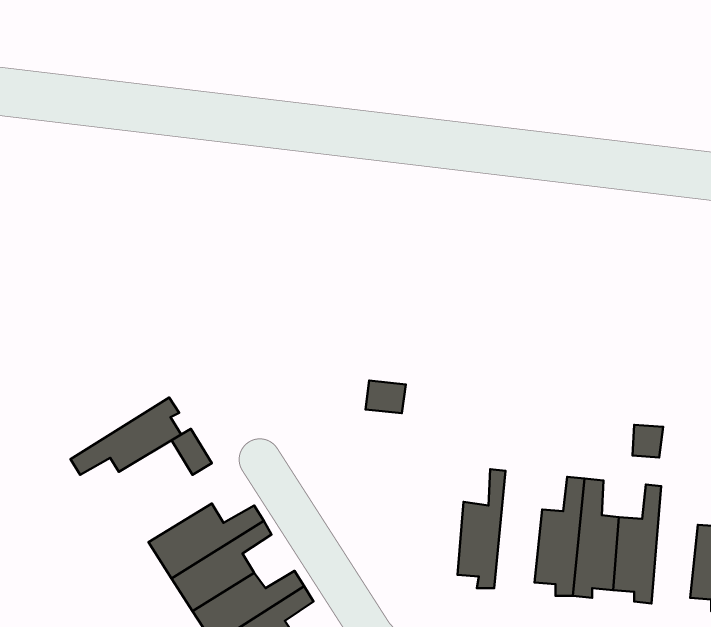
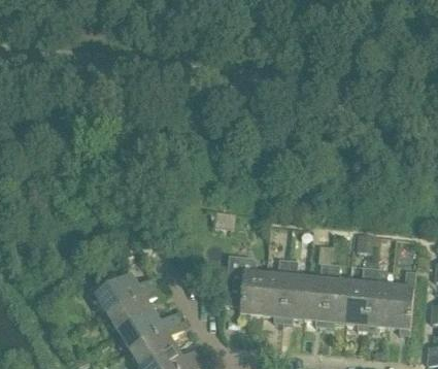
building: [70,397,181,475] -> none
building: none -> [231,253,265,318]
building: none -> [281,258,307,322]
building: none -> [366,266,391,330]

